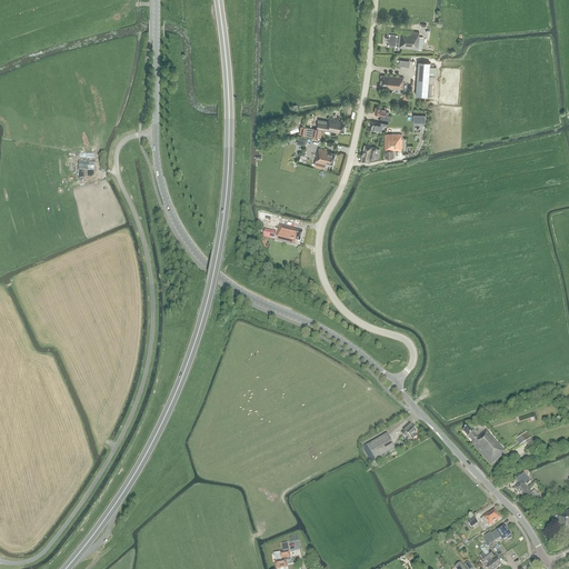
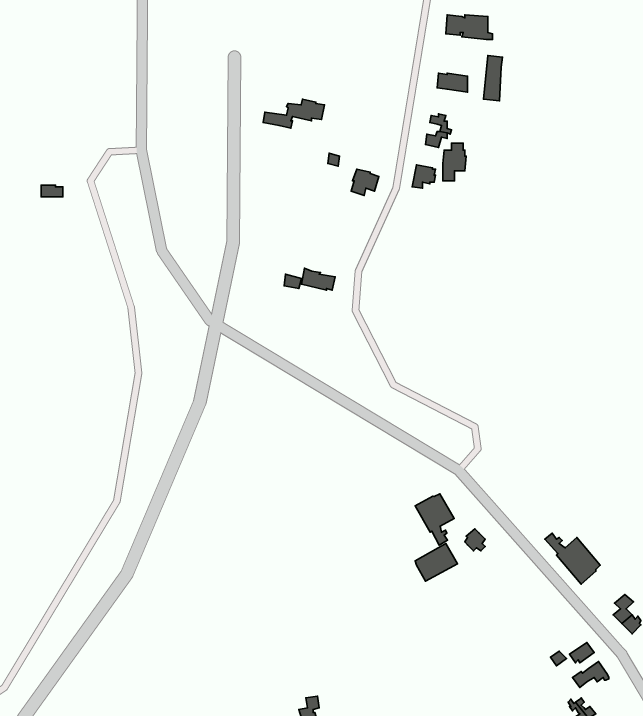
building: [298,116,345,138] -> [263,99,324,128]
building: none -> [415,494,454,545]

